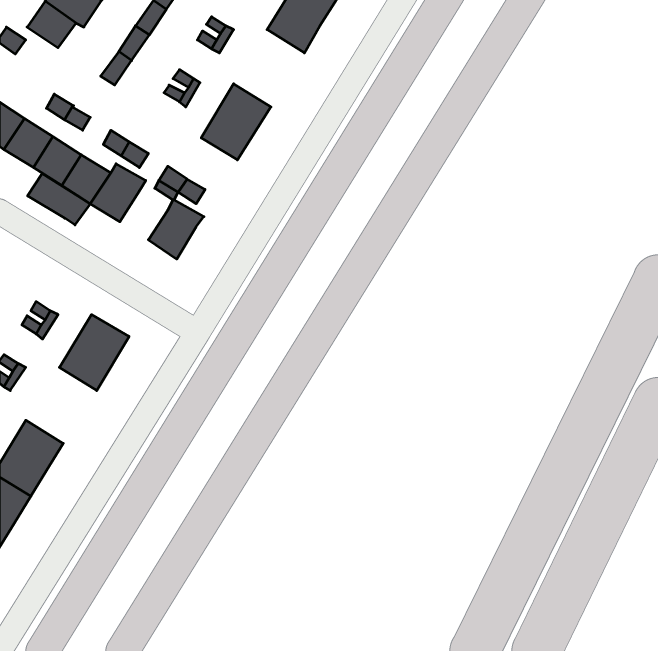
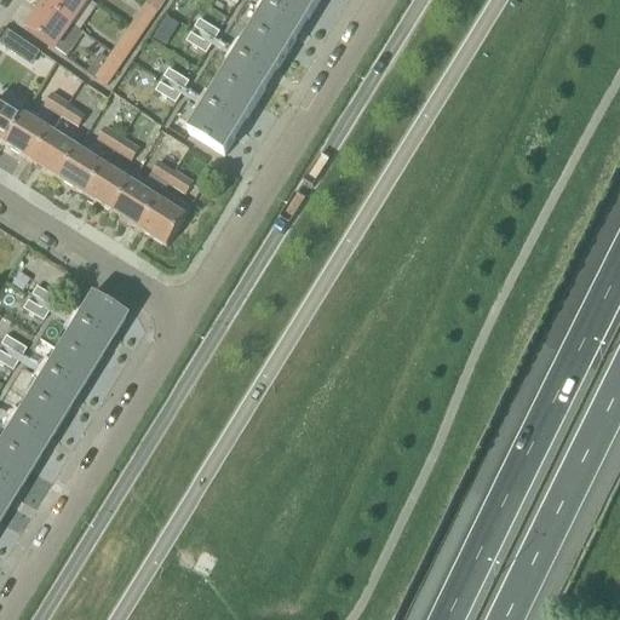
building: none -> [219,28,286,101]
building: [28,174,90,225] -> none
building: none -> [113,179,157,225]
building: none -> [24,345,91,417]

